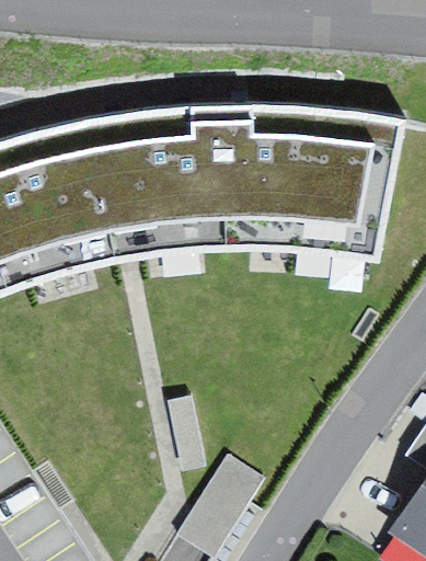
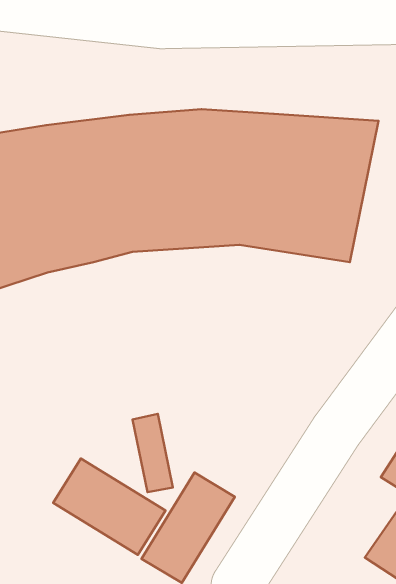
building: none -> [53,458,166,555]

